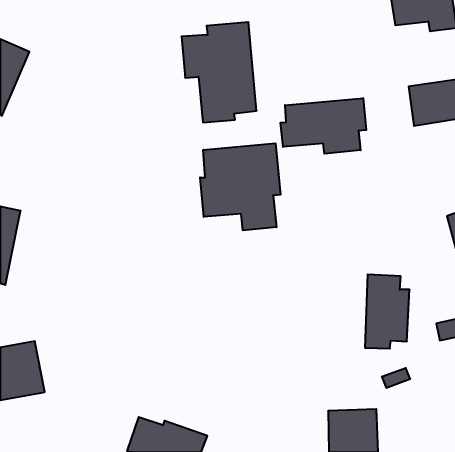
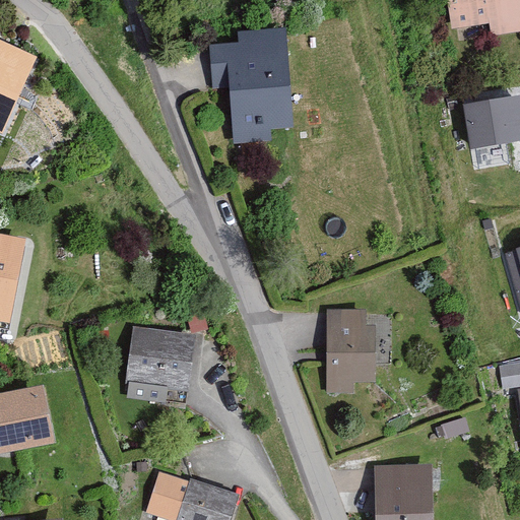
building: [281,98,366,154] -> none
building: [200,143,280,230] -> none
building: [365,274,410,349] -> [325,309,376,393]
building: none -> [125,328,194,393]

